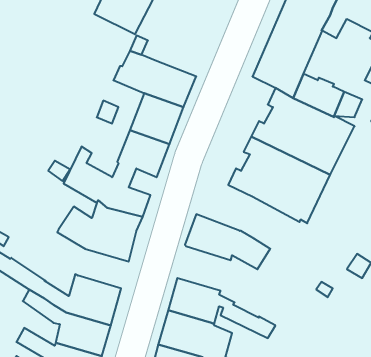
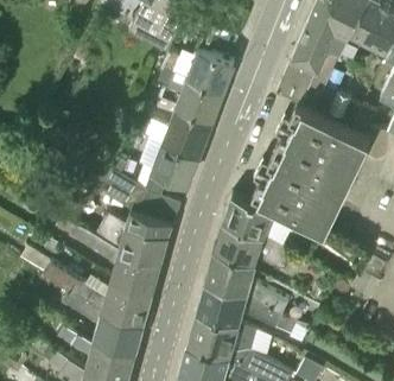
building: none -> [188,51,235,93]
building: none -> [224,196,320,241]
building: none -> [56,216,161,290]
building: none -> [206,250,290,317]

